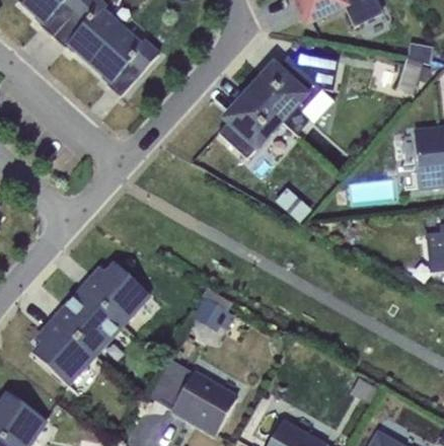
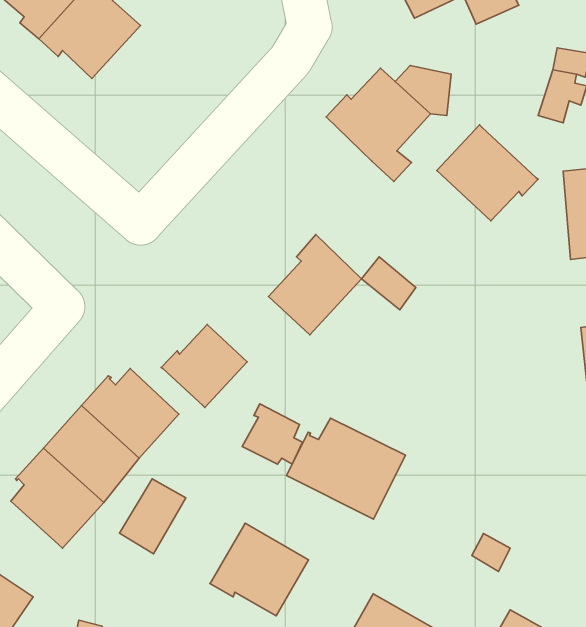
building: [89,26,159,96] -> none
building: [218,89,282,158] -> [269,235,361,335]
building: none -> [437,125,538,221]
building: none -> [161,325,247,408]
building: none -> [287,418,405,519]
building: [148,358,194,410] -> [120,479,186,554]

